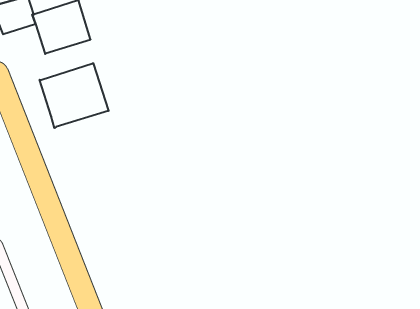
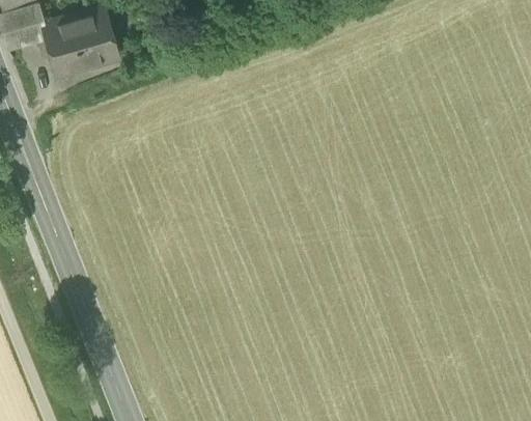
building: [40,63,109,128] -> none

